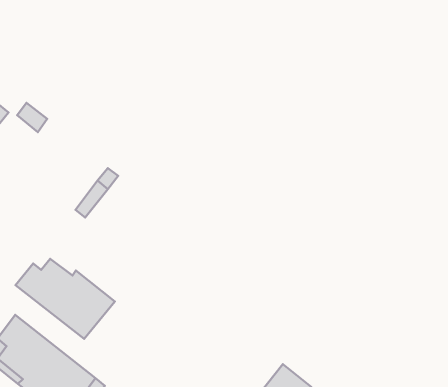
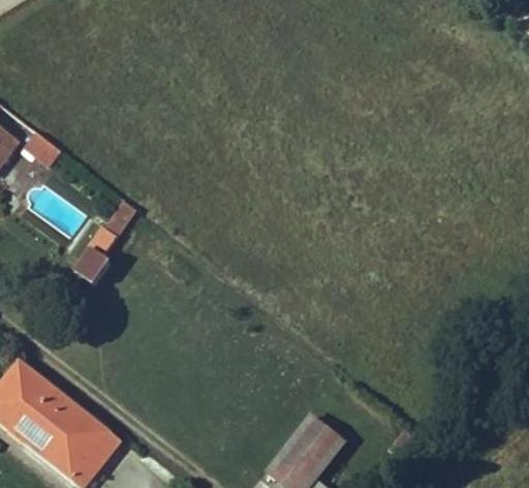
building: [16,259,115,339] -> none

